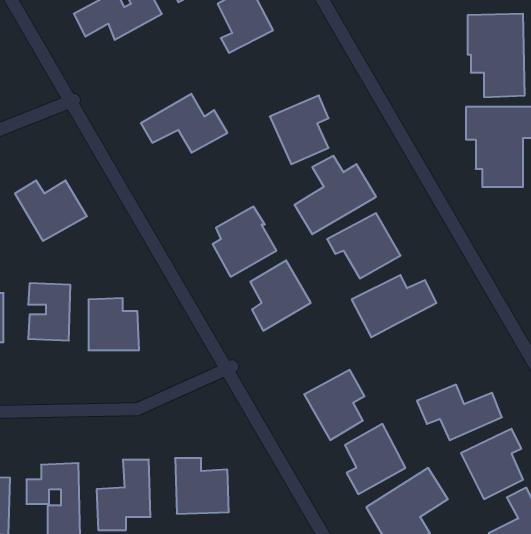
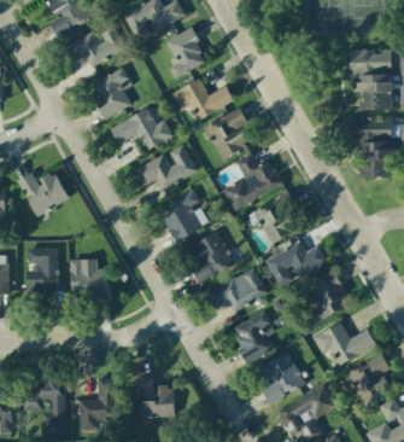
building: none -> [90,69,131,117]
building: none -> [172,77,234,121]
building: none -> [134,145,198,190]
building: none -> [206,266,268,313]
building: none -> [308,271,346,322]

